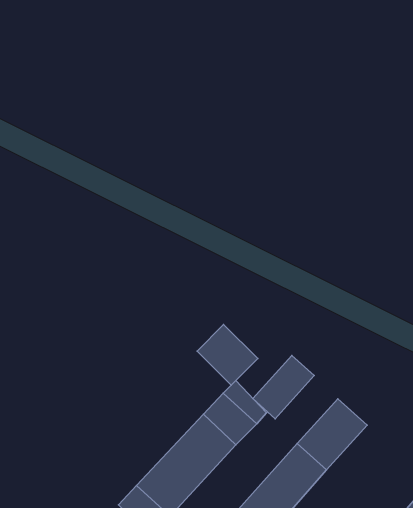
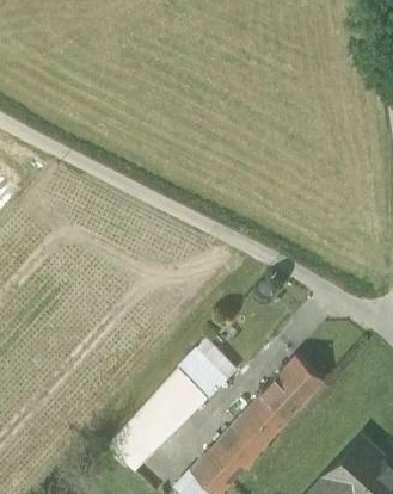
building: [197,325,258,385] -> none
building: [253,355,314,419] -> none

